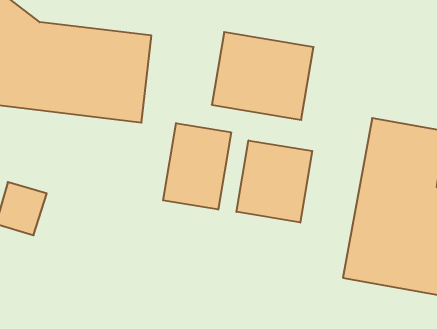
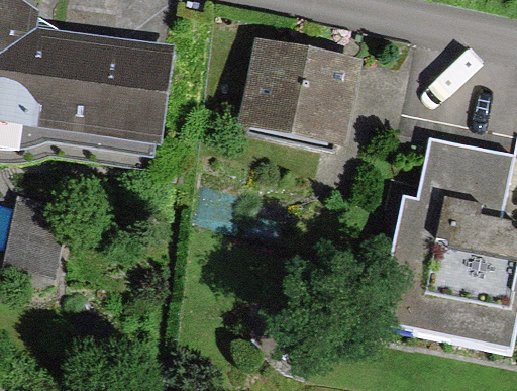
building: [163,123,231,210] -> none
building: [236,140,312,223] -> none

